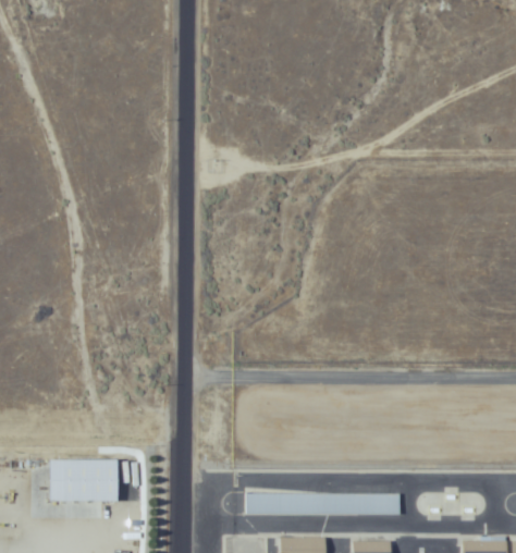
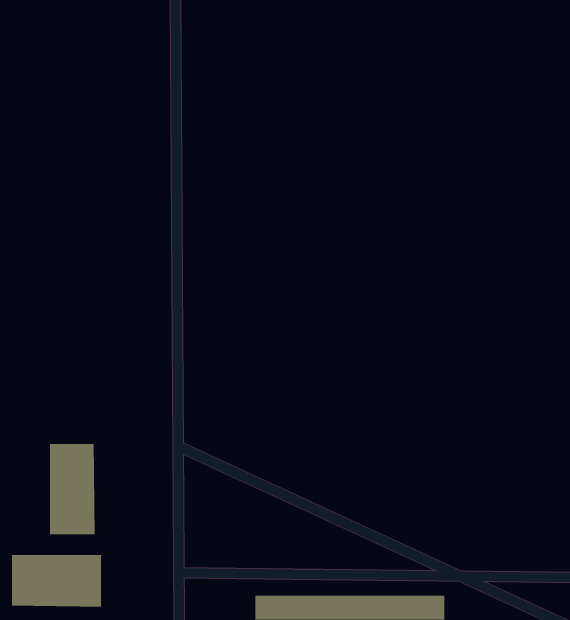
building: none -> [50,443,95,535]

